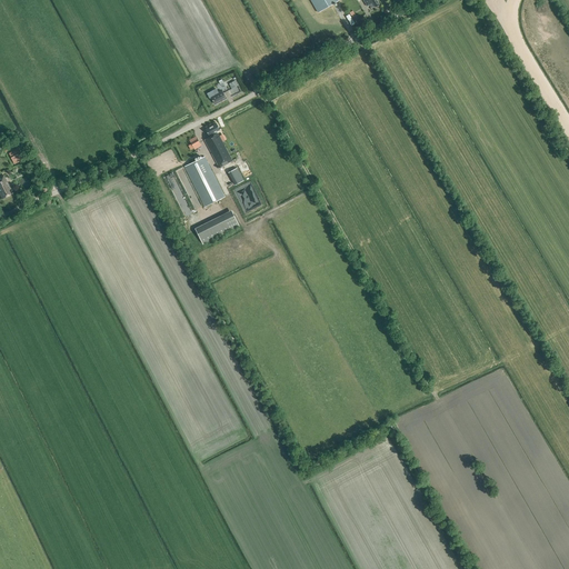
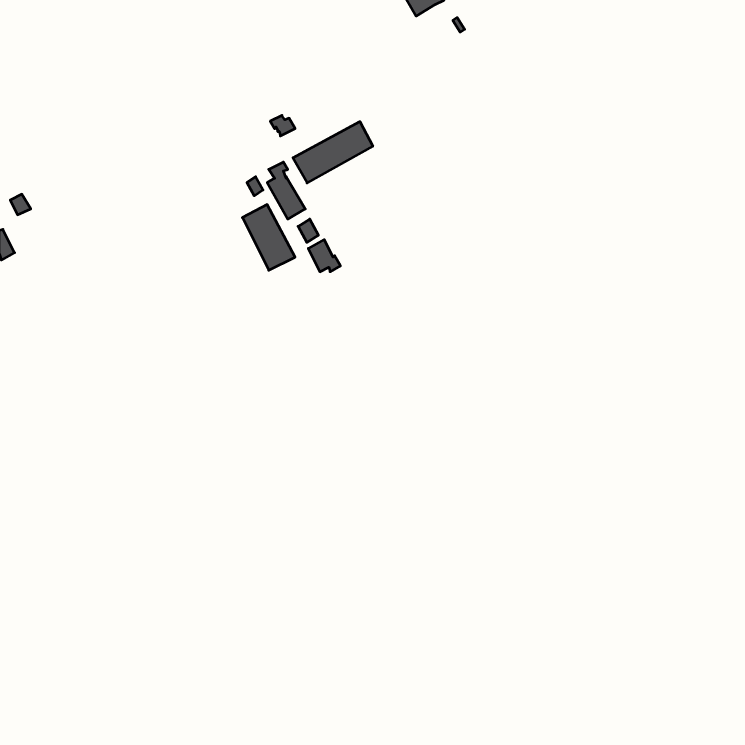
building: none -> [293,122,373,183]
building: [196,209,240,241] -> none

